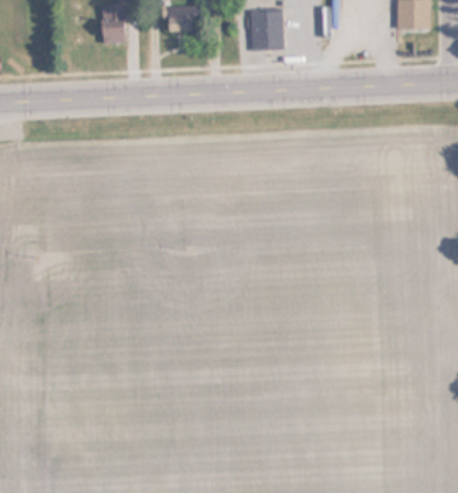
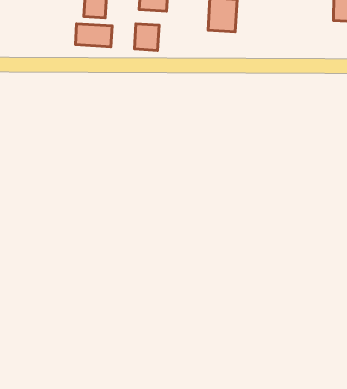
building: none -> [134,24,159,50]
building: none -> [75,24,112,47]

